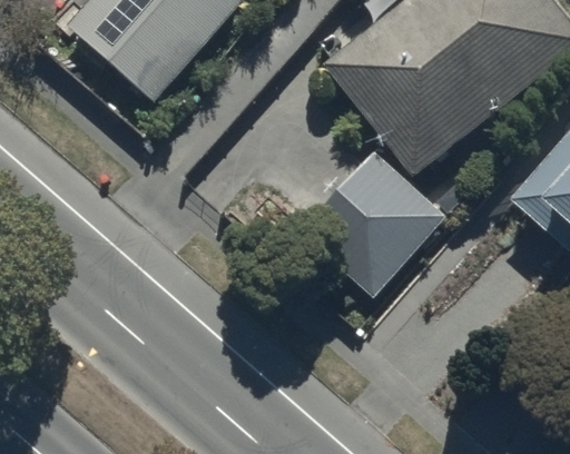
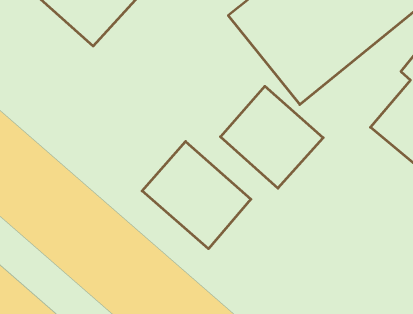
building: none -> [142,141,251,249]

